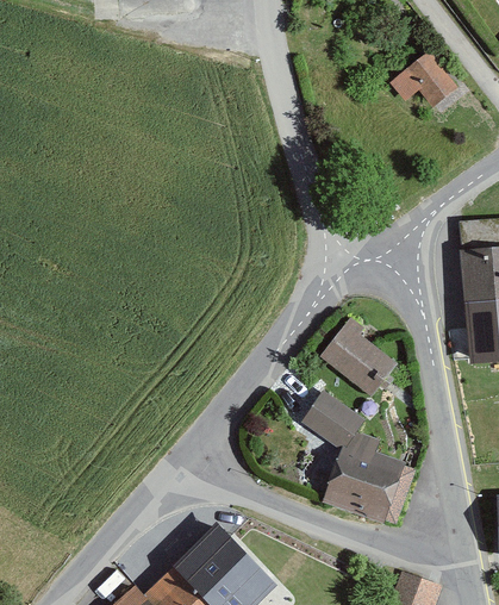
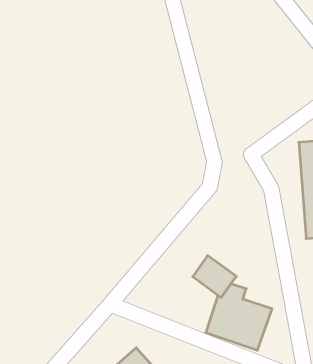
building: [393,54,456,105] -> none
building: [320,317,398,397] -> none

